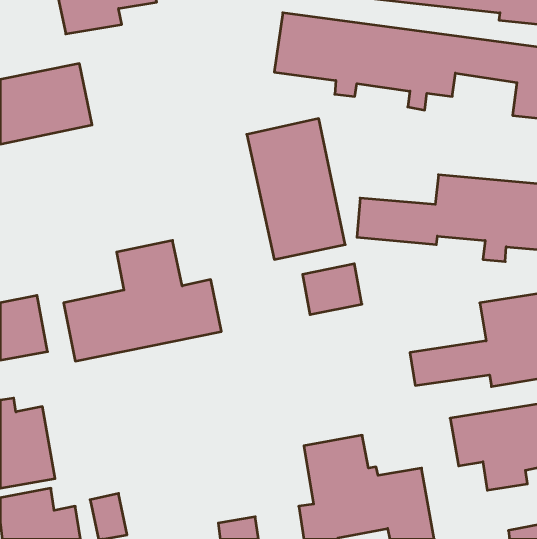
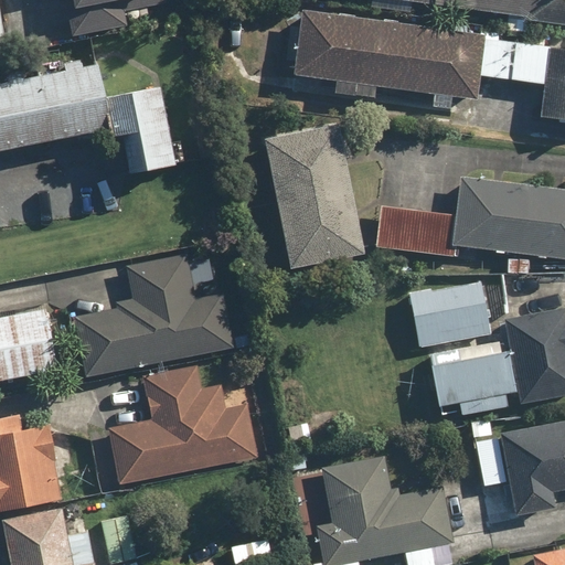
building: none -> [104,90,172,175]
building: [303,264,362,315] -> [428,282,490,335]
building: none -> [109,366,256,482]

